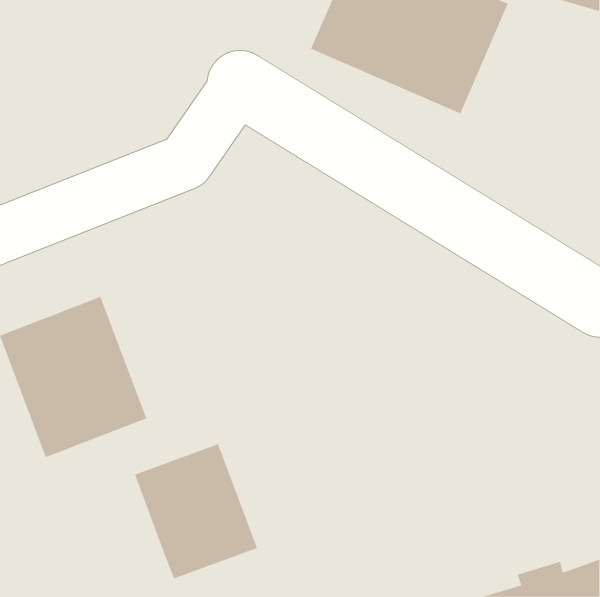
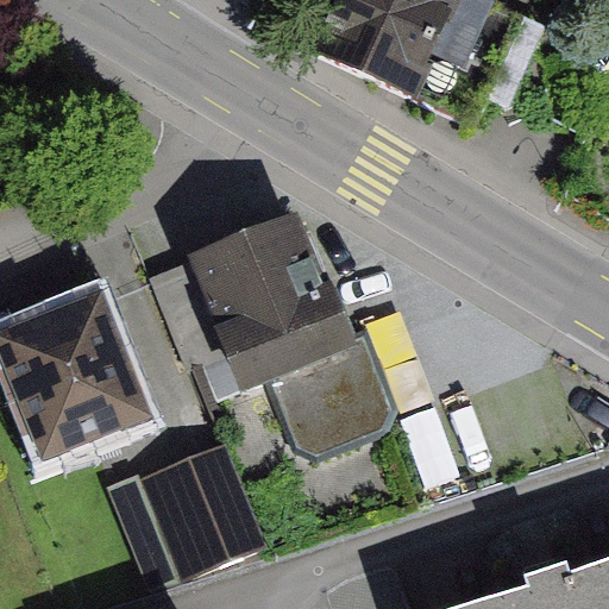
building: none -> [193,214,381,453]

